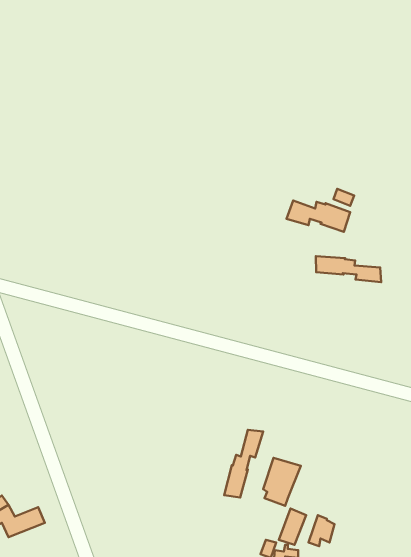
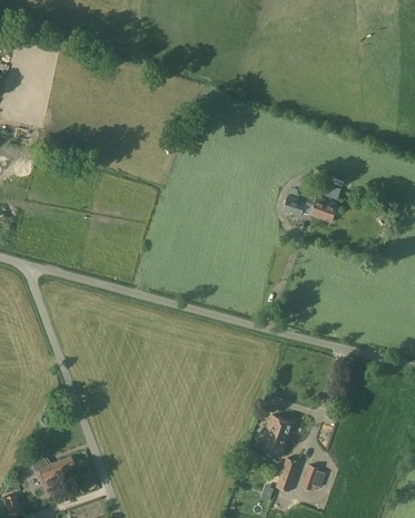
building: [316,256,381,282] -> none
building: [224,430,263,498] -> none

